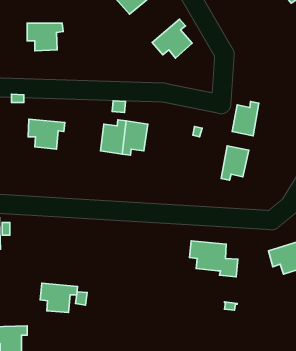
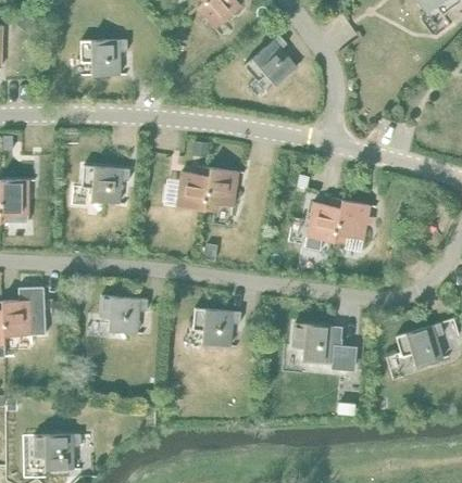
building: [232,102,259,136] -> [308,198,342,242]
building: none -> [193,308,241,346]
building: [40,283,78,312] -> [100,295,149,333]

